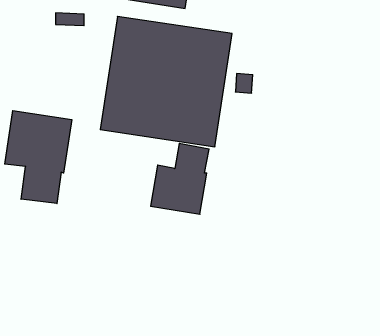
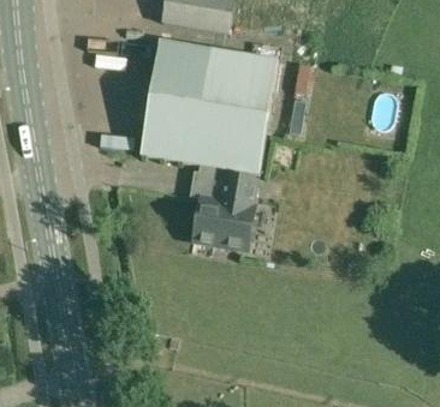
building: [5,111,72,204] -> none

